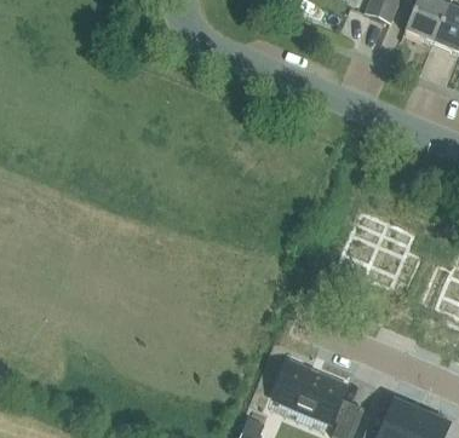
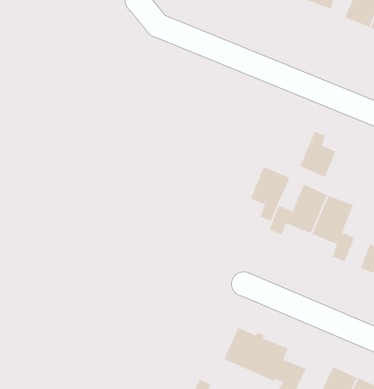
building: none -> [299,130,336,178]
building: none -> [250,166,290,222]

